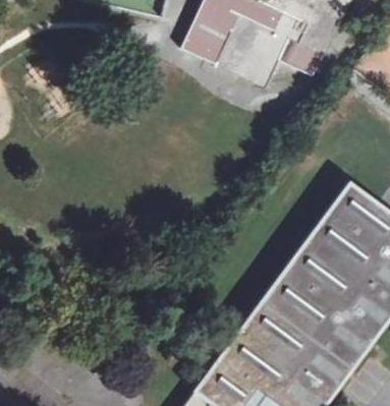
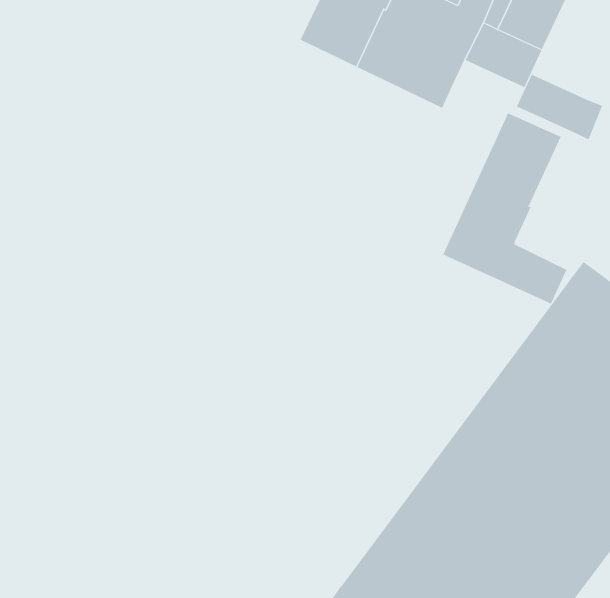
building: none -> [516,74,603,140]
building: none -> [443,112,567,304]

